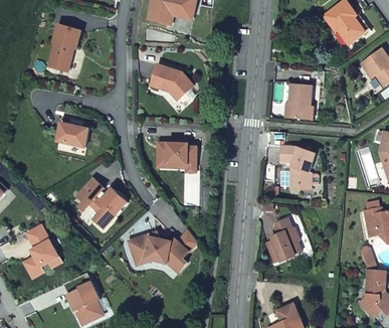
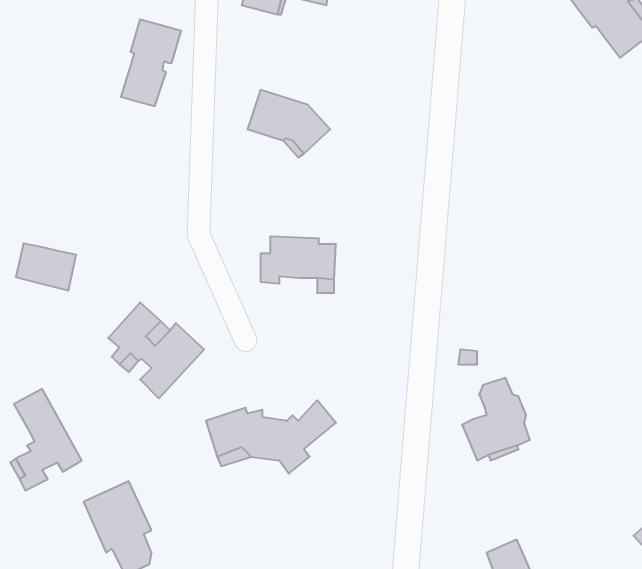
building: [48,24,80,70] -> [121,20,181,106]
building: [287,84,312,119] -> none
building: [56,122,88,147] -> [16,243,76,290]
building: [279,145,316,188] -> none

